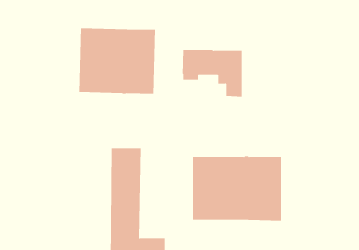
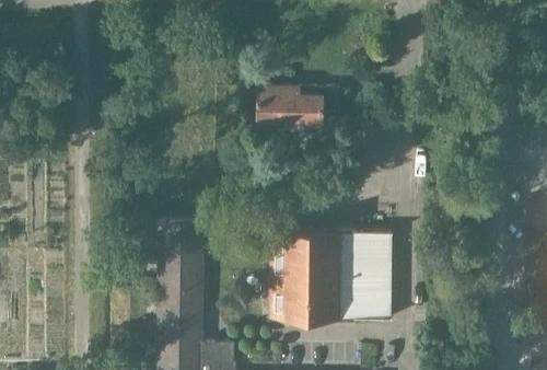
building: [79,27,156,95] -> none

